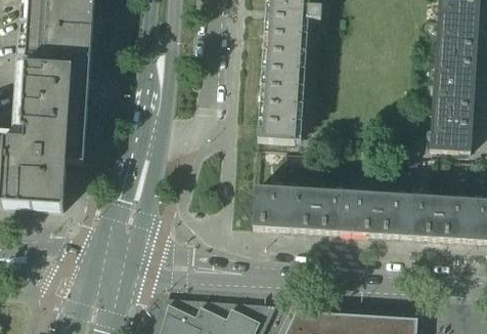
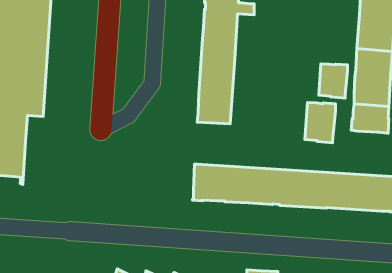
building: none -> [319,64,347,98]
building: none -> [305,103,336,143]

